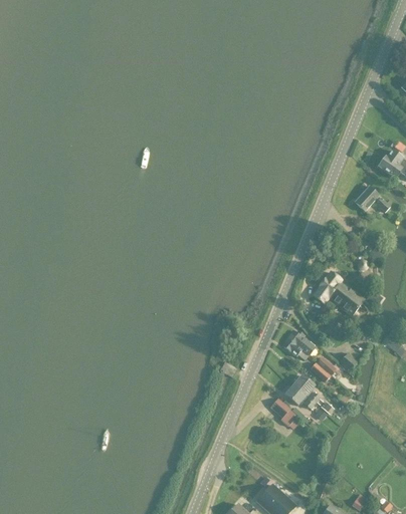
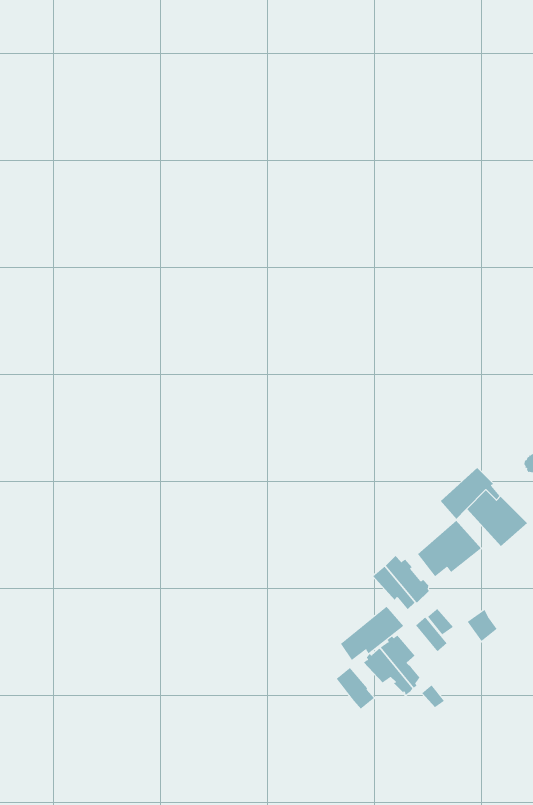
building: none -> [417,520,482,577]
building: none -> [340,606,404,661]

